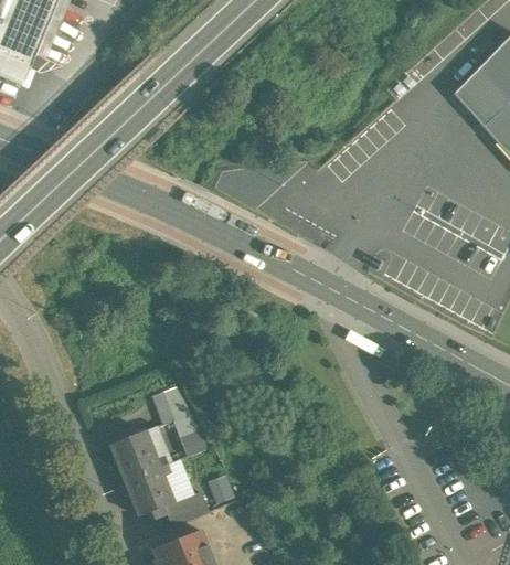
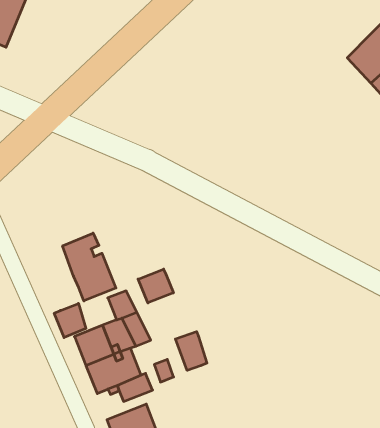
building: none -> [63,233,116,301]
building: none -> [138,269,173,303]
building: none -> [54,303,86,338]
building: none -> [175,332,207,370]

